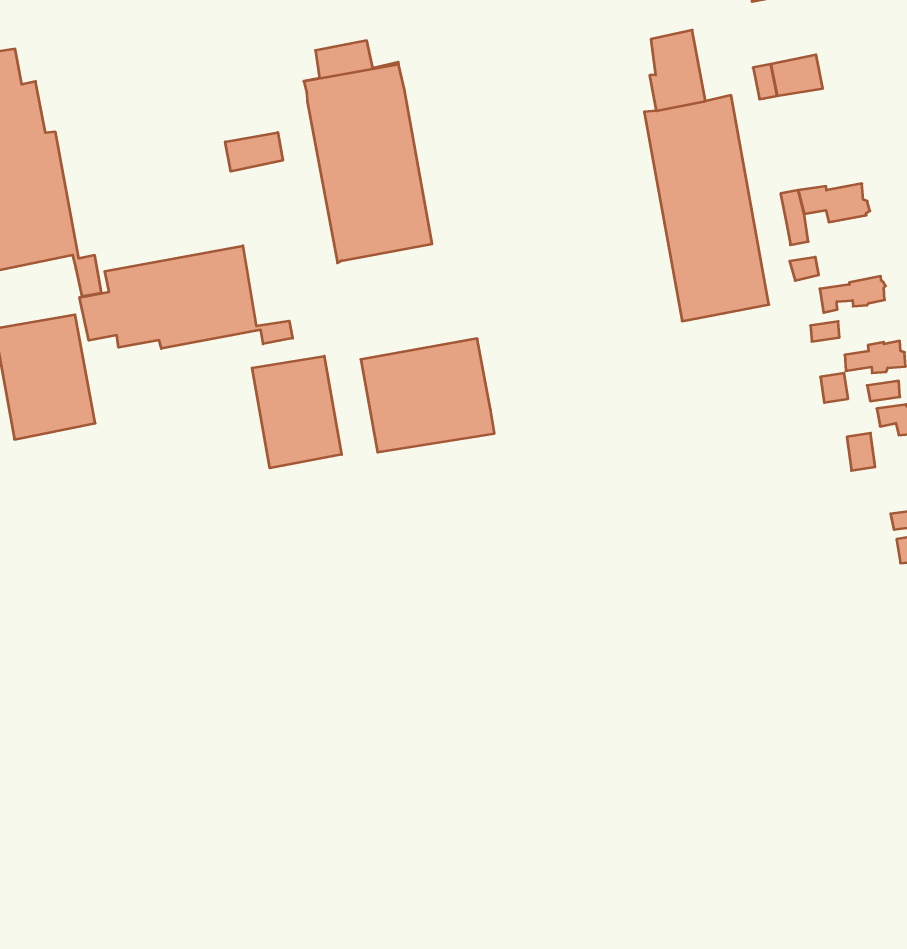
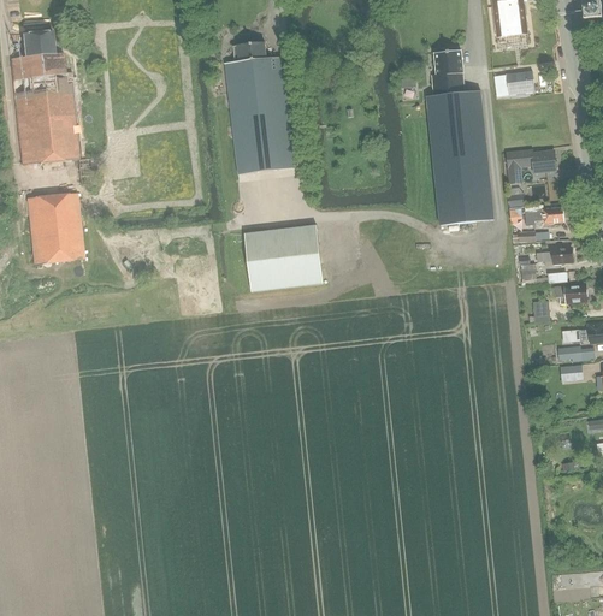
building: [225,132,283,171] -> none
building: [80,246,293,349] -> none
building: [252,356,342,468] -> none

